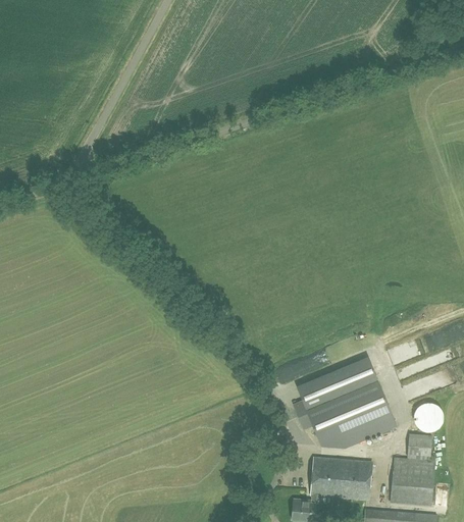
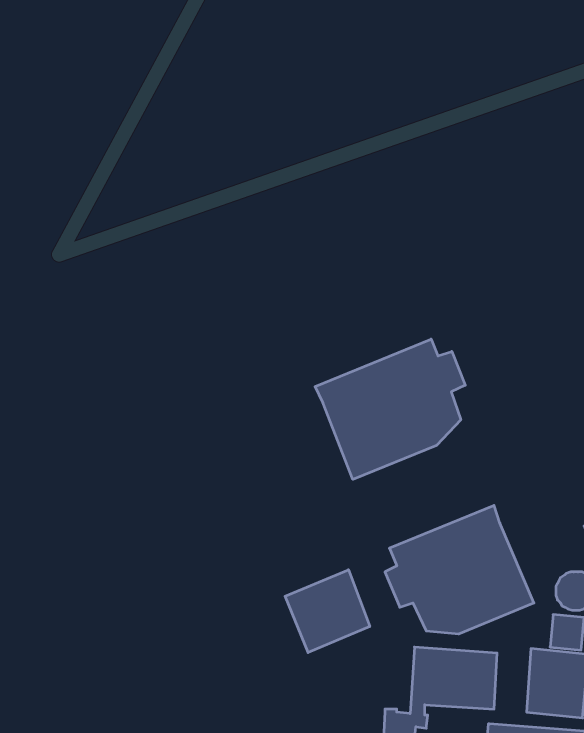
building: none -> [315,339,465,479]
building: none -> [285,570,370,653]

